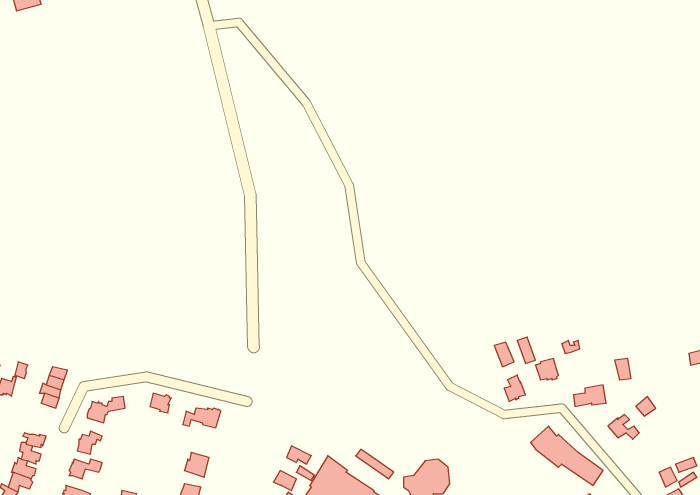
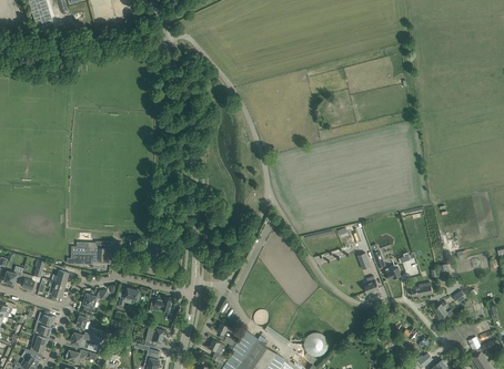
building: none -> [67,243,110,265]

